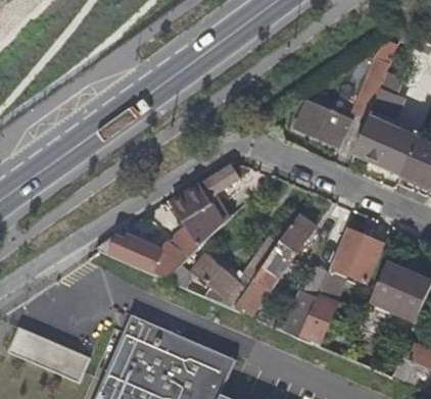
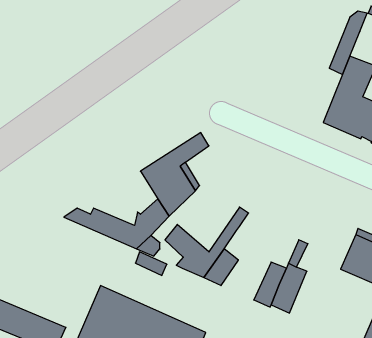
building: [291,98,351,147] -> none
building: [270,214,317,268] -> none
building: [331,229,383,282] -> none

